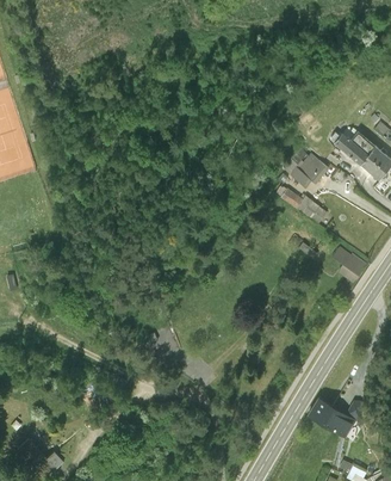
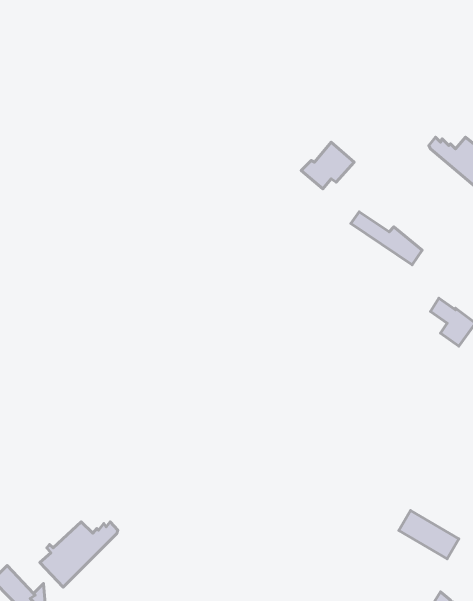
building: [288,154,327,187] -> [301,142,354,189]
building: none -> [40,522,118,587]

